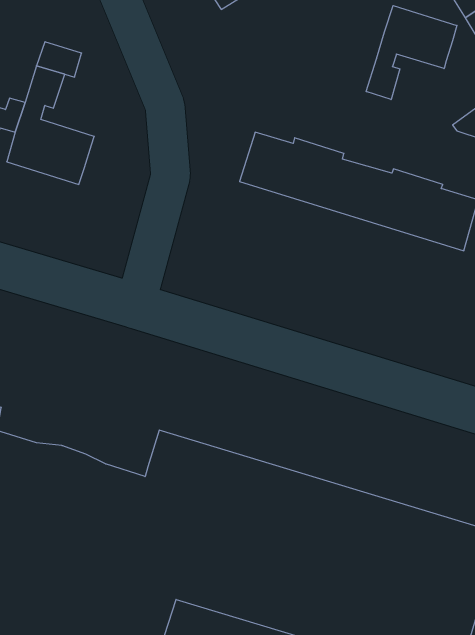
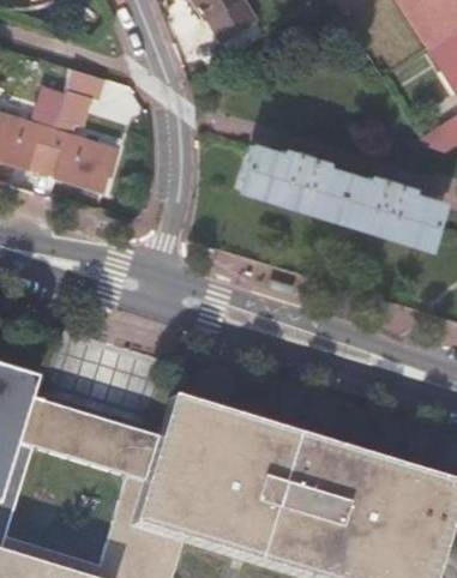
building: [366,6,457,100] -> none

